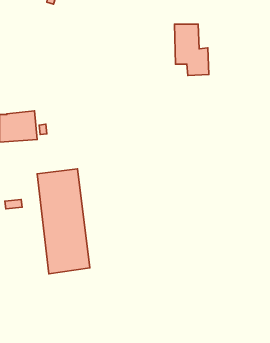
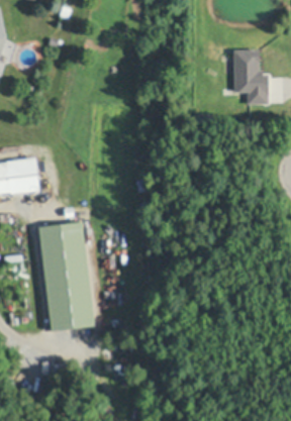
building: [174,24,209,76] -> [231,51,268,106]

